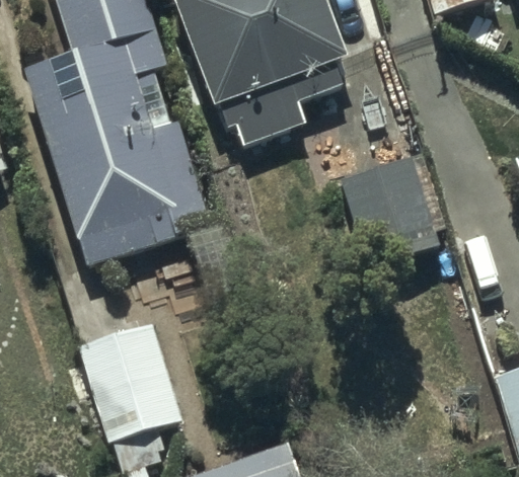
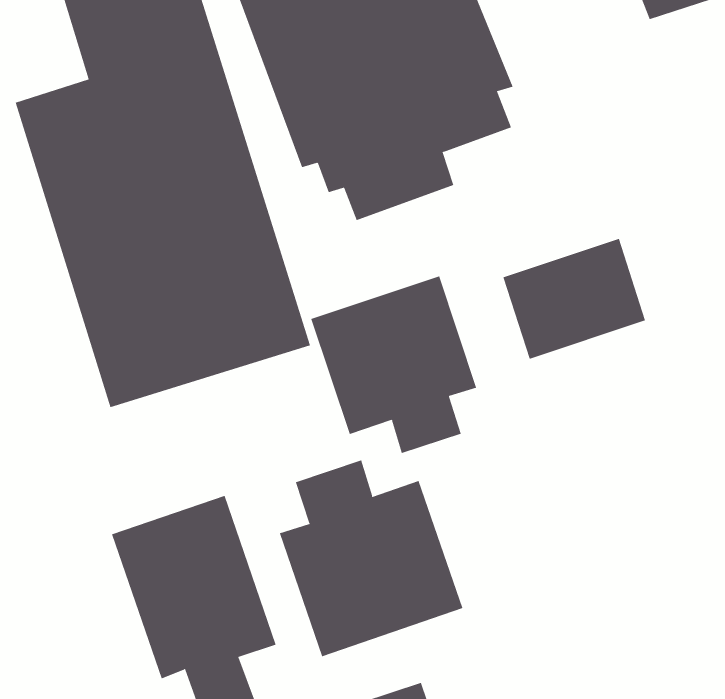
building: none -> [311,276,477,454]
building: none -> [279,459,463,657]

